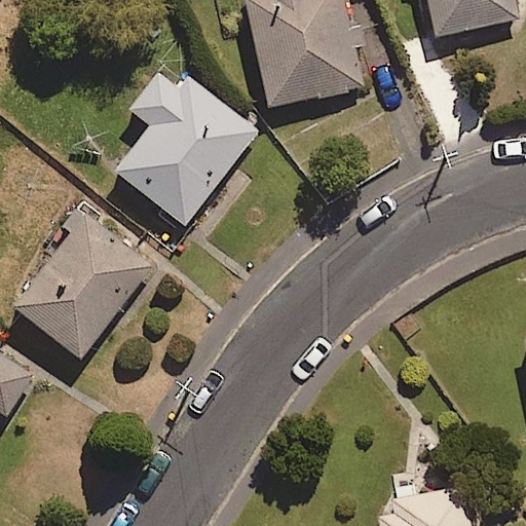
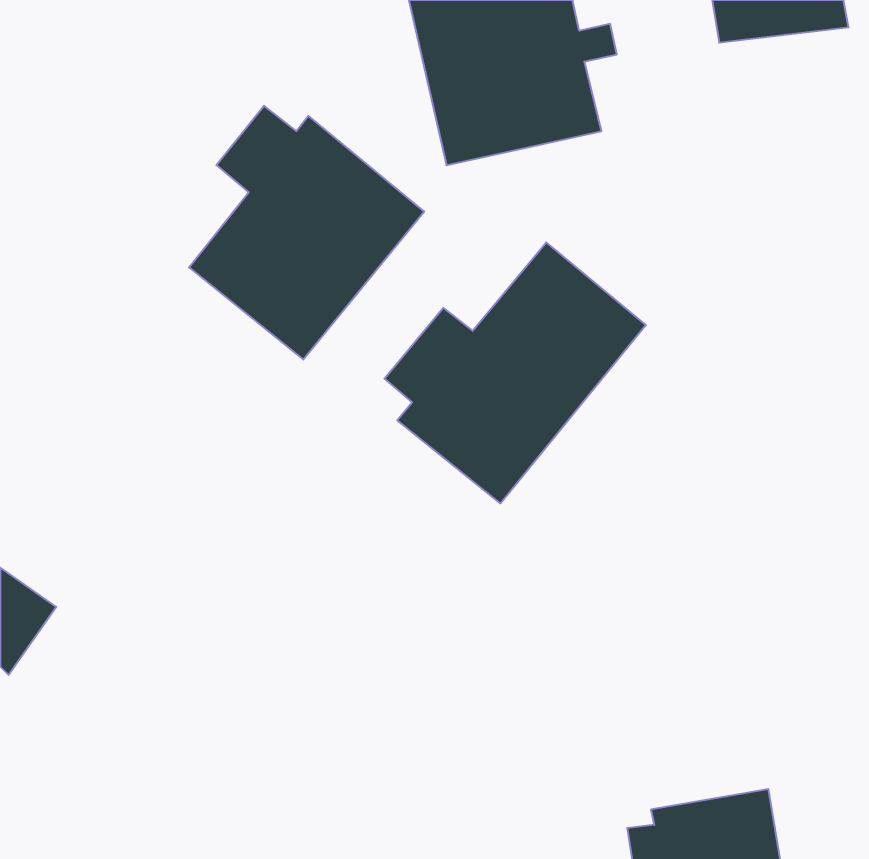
building: none -> [384,242,646,503]
building: [11,206,156,356] -> none

